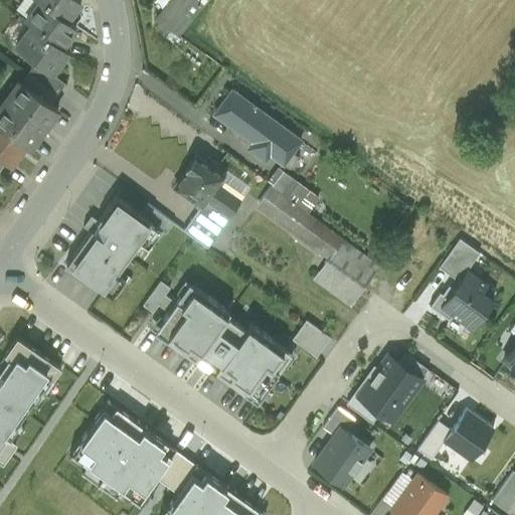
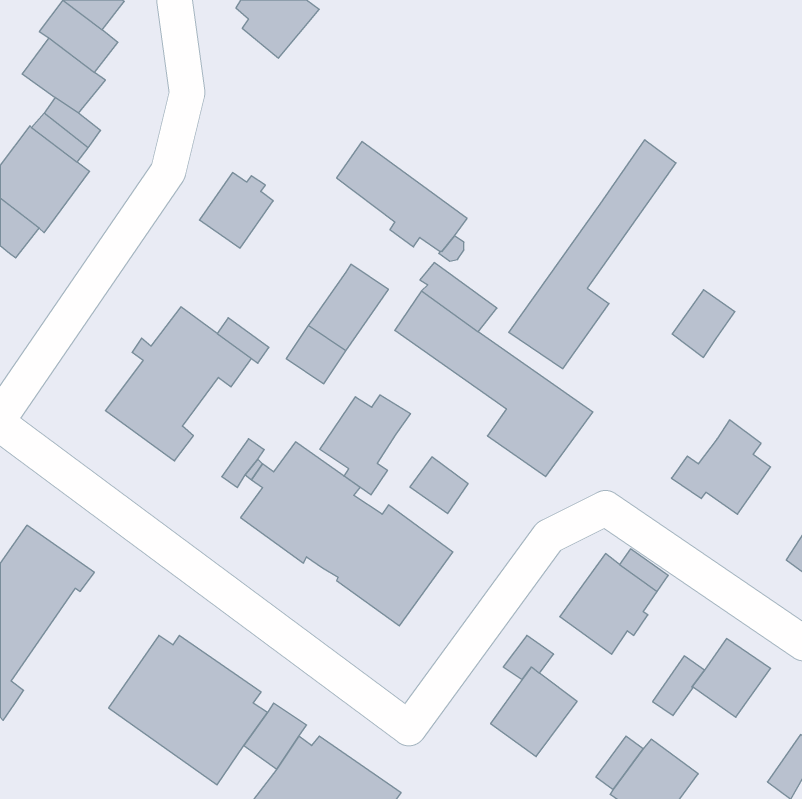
building: none -> [509,140,676,369]
building: [175,159,222,207] -> [199,173,273,248]
building: [440,240,480,284] -> [672,290,735,357]
building: none -> [320,395,410,495]
building: [293,322,330,358] -> [410,457,468,514]

